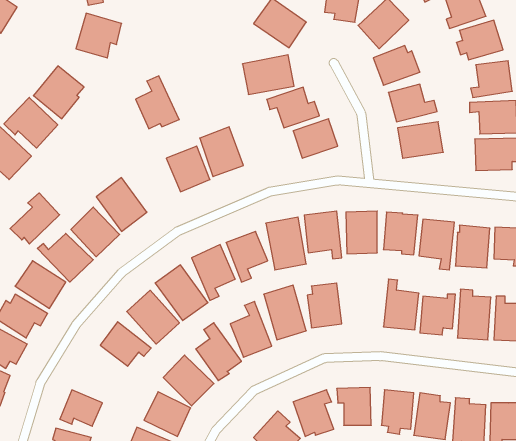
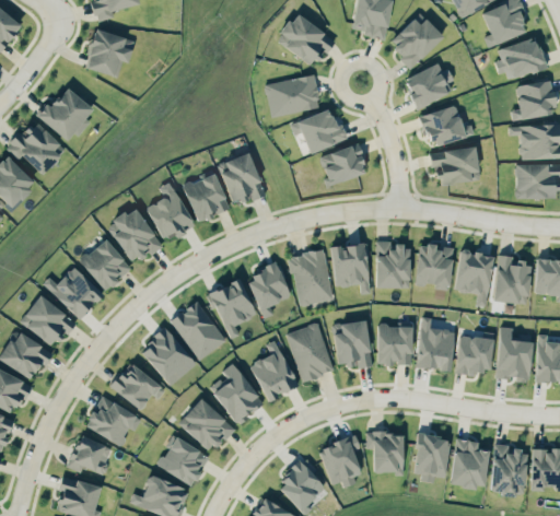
building: [136,76,179,129] -> [147,181,194,238]
building: [10,193,60,244] -> none
building: none -> [376,326,411,365]
building: none -> [84,397,142,445]

